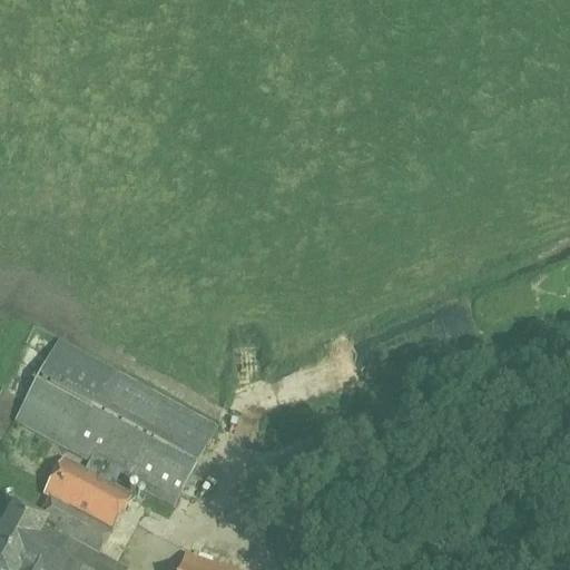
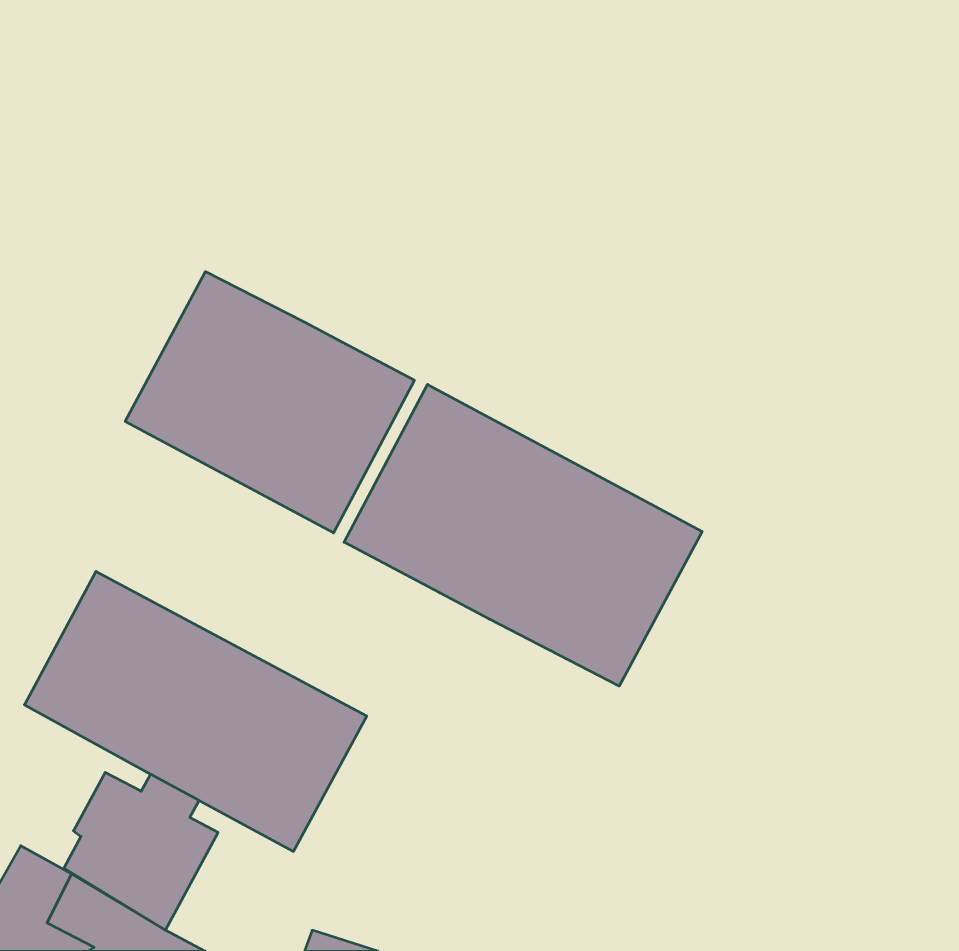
building: none -> [125,272,414,533]
building: none -> [344,384,702,686]

